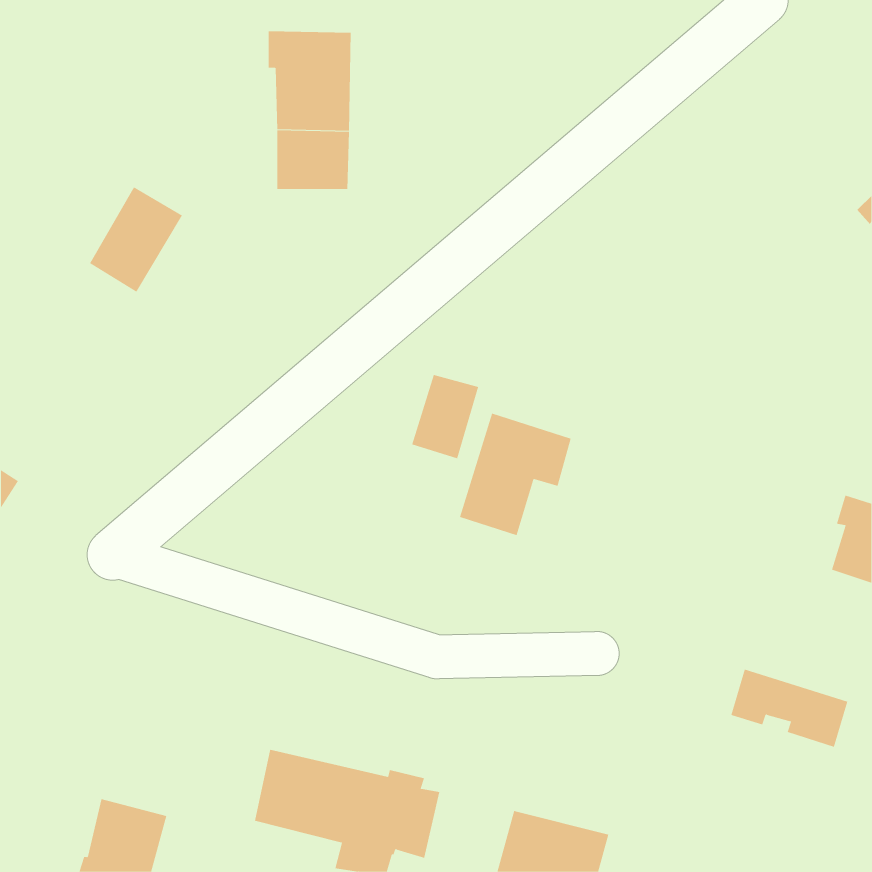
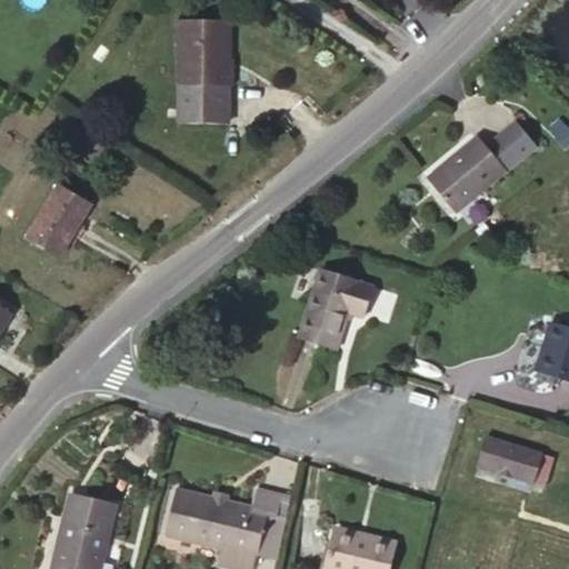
building: none -> [427,120,537,213]
building: [89,187,183,292] -> [29,186,90,254]
building: [412,374,479,459] -> none
building: none -> [66,493,116,531]

